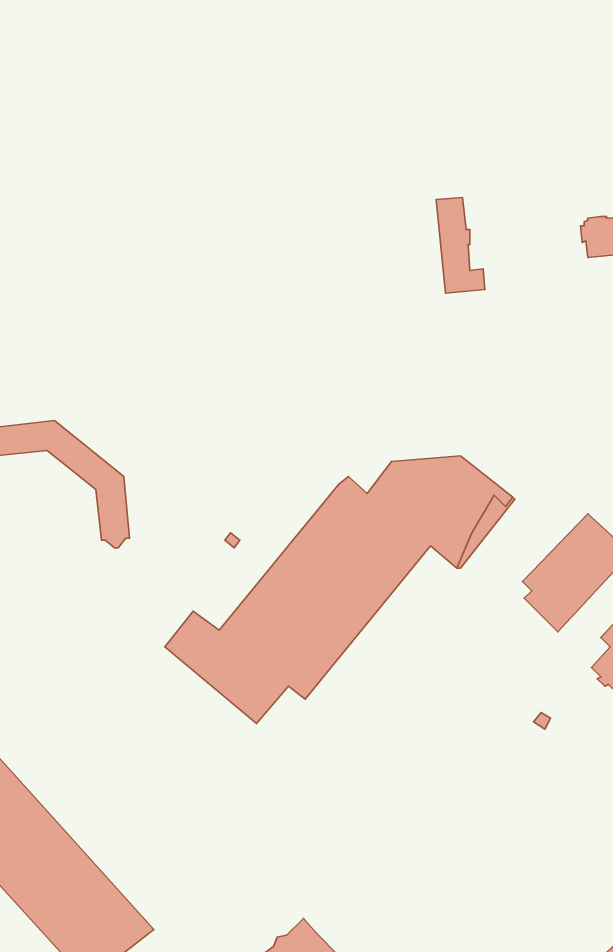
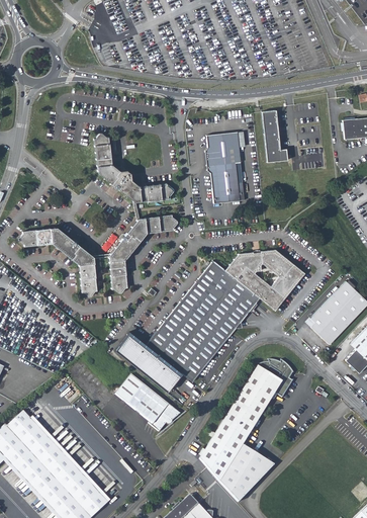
building: none -> [206,133,246,203]
building: none -> [94,135,173,203]
building: none -> [109,215,178,294]
building: none -> [200,360,293,503]
building: none -> [116,373,180,429]

